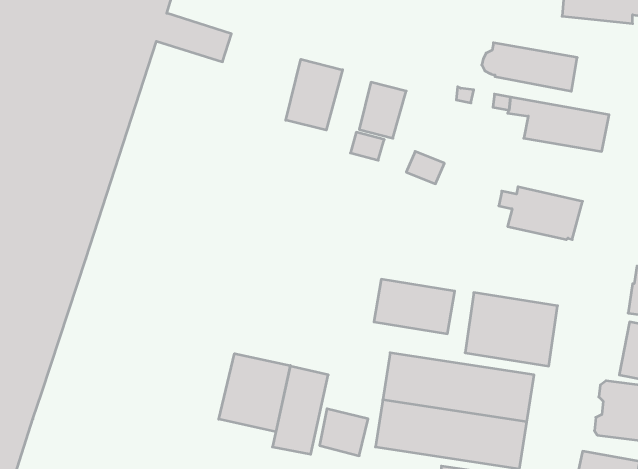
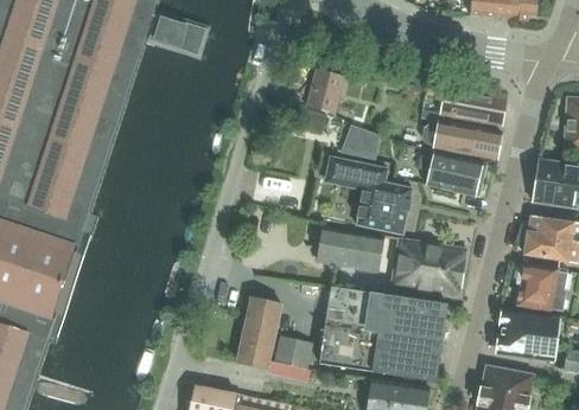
building: [482,43,577,91] -> [424,120,501,159]
building: [286,59,343,130] -> none
building: none -> [327,155,414,233]
building: [219,354,290,432] -> none

